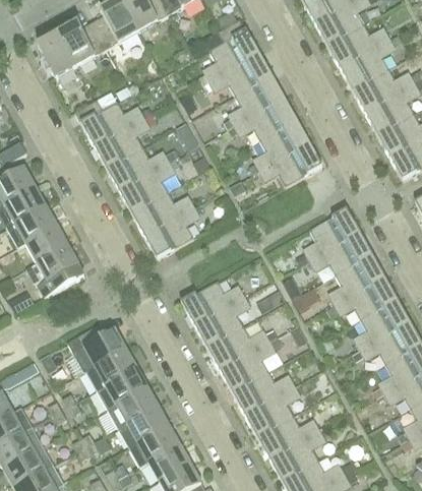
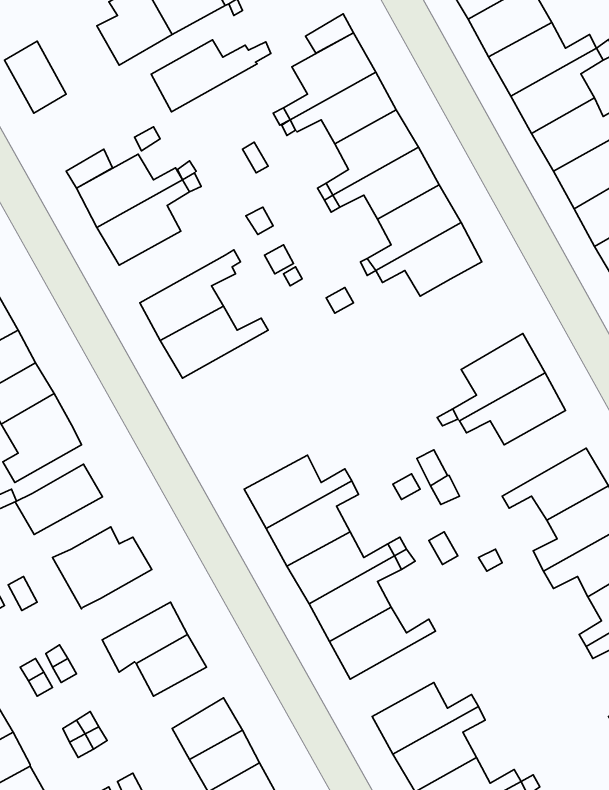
building: [58,25,107,67] -> none
building: [107,148,178,191] -> [151,40,271,112]
building: [144,207,199,259] -> none
building: [330,255,384,306] -> none
building: [85,350,137,391] -> [15,464,102,534]
building: [244,386,299,437] -> none
building: [119,408,169,449] -> none

